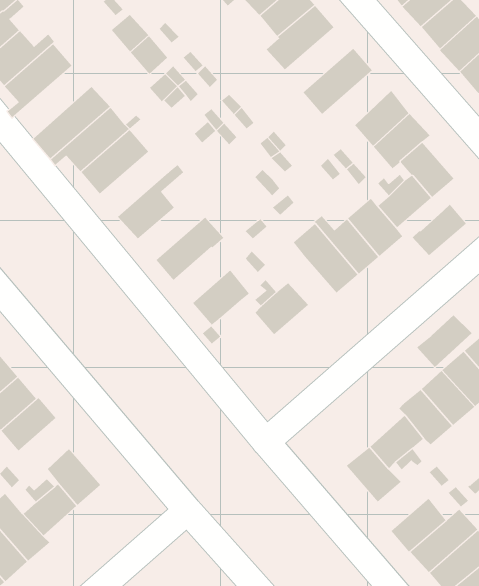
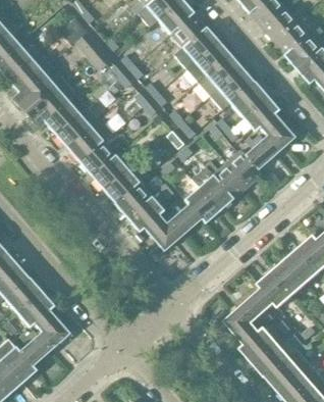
building: none -> [185,40,229,82]
building: none -> [11,64,62,111]
building: none -> [209,67,253,109]
building: none -> [67,112,111,161]
building: [412,204,467,256] -> none
building: none -> [92,154,136,189]
building: none -> [114,181,151,216]
building: none -> [183,187,218,222]
building: none -> [144,214,178,250]
building: [416,314,473,368] -> none
building: none -> [15,290,53,326]
building: none -> [240,326,277,362]

